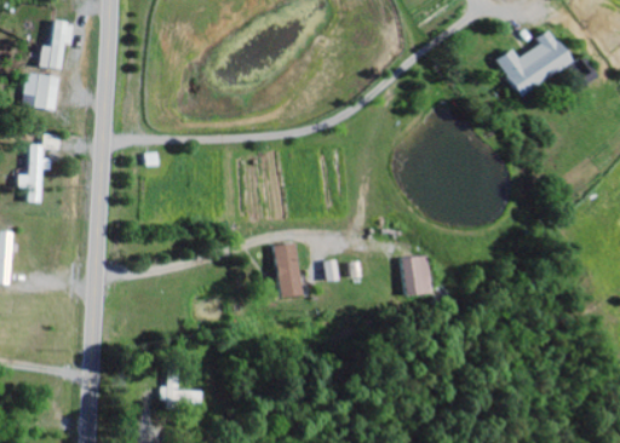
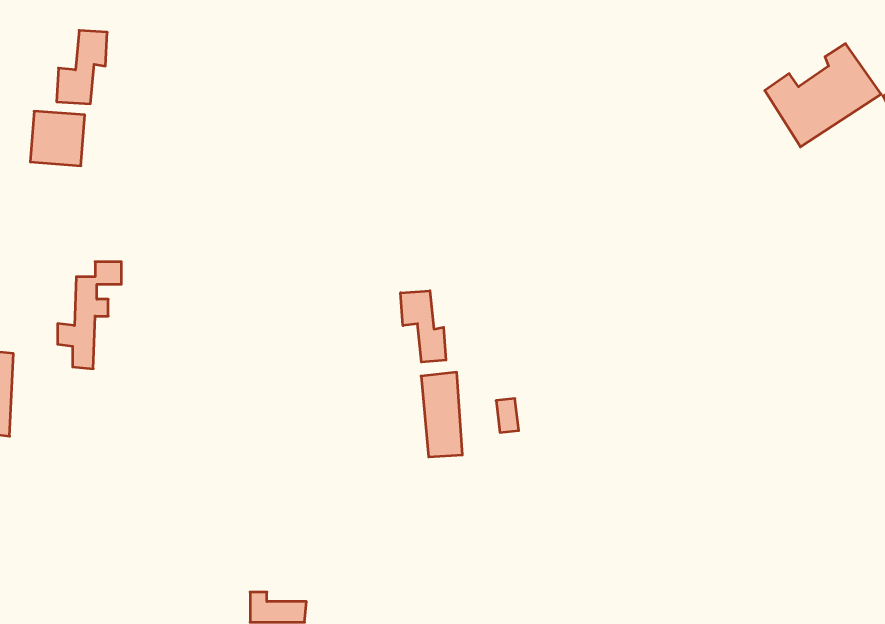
building: [18,134,59,203] -> [58,262,121,369]
building: none -> [401,291,446,362]
building: [401,254,431,295] -> none

